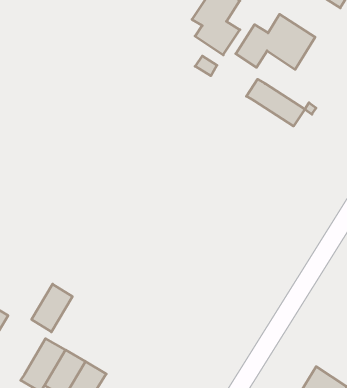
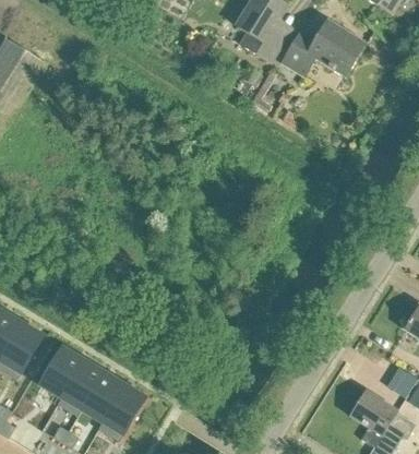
building: [246,79,305,126] -> none
building: [32,284,72,332] -> [40,348,83,398]

